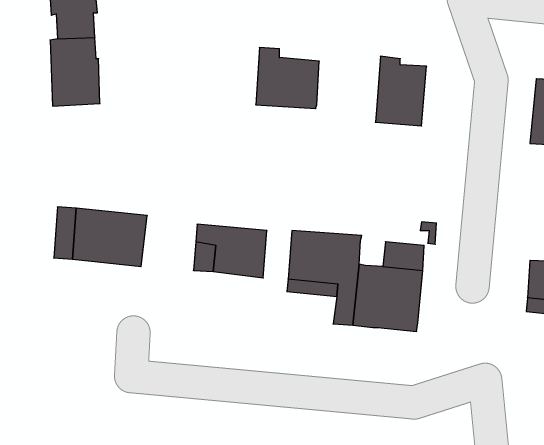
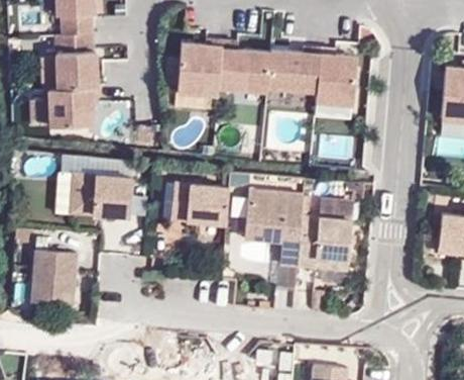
building: none -> [178,38,222,94]
building: none -> [268,46,320,91]
building: none -> [44,86,94,125]
building: none -> [29,252,74,309]

